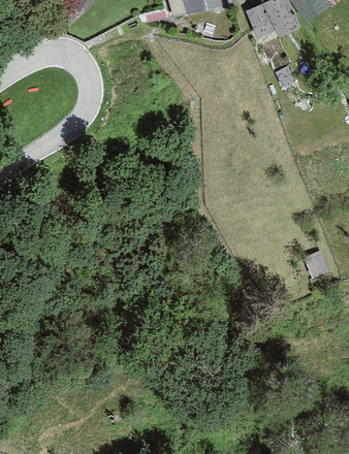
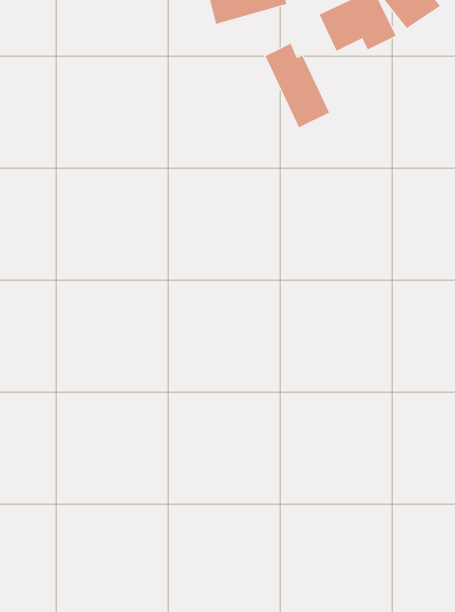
building: none -> [265,43,330,128]

